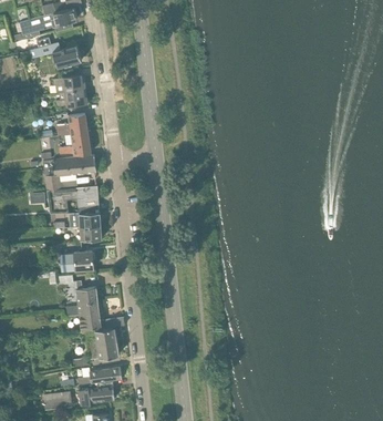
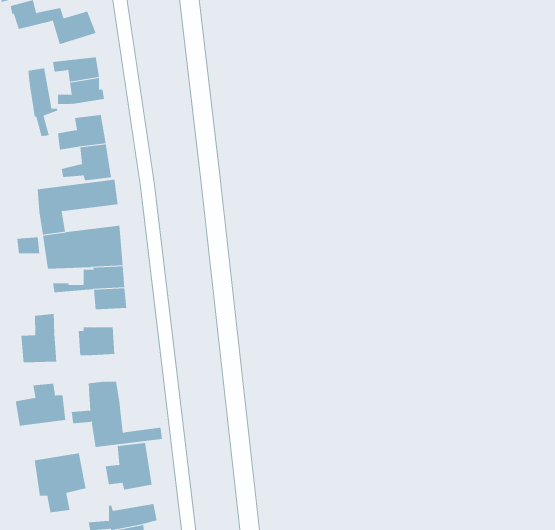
building: none -> [28,68,58,137]
building: none -> [21,313,57,363]
building: none -> [15,383,66,426]
building: none -> [34,453,86,513]

